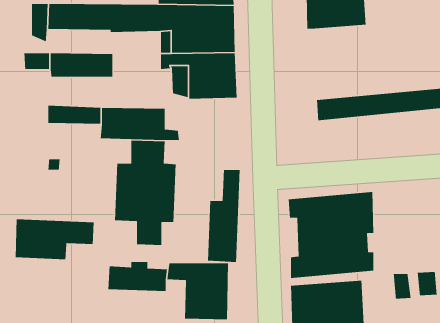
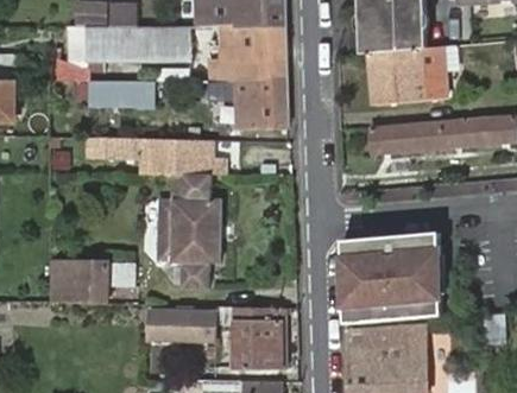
building: none -> [368,49,449,107]
building: [207,169,240,263] -> none

